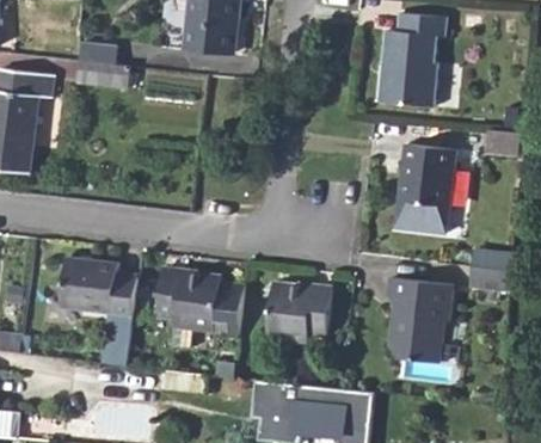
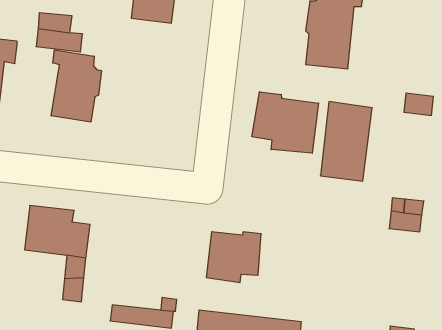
building: none -> [51,50,101,122]
building: none -> [252,92,319,153]
building: [156,270,241,339] -> none
building: [388,271,455,357] -> none

